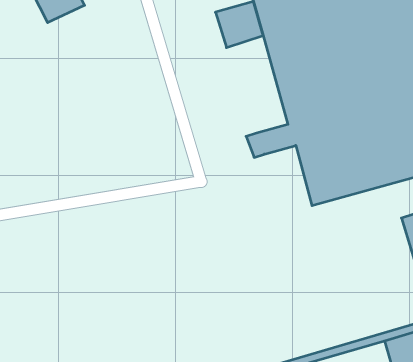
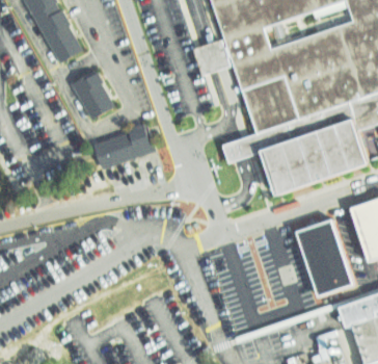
building: none -> [71,68,117,120]
building: none -> [97,120,156,168]
building: none -> [293,215,353,294]

